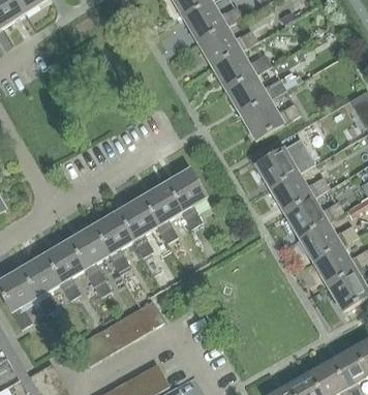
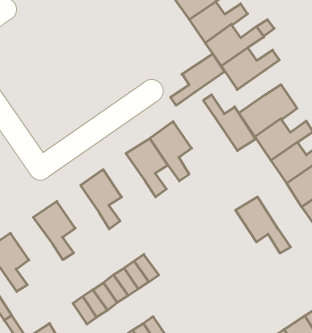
building: none -> [171,54,224,105]
building: none -> [204,95,255,151]
building: [116,198,157,257] -> none
building: [67,226,112,297] -> none
building: none -> [236,197,291,253]
building: [19,255,60,314] -> none

